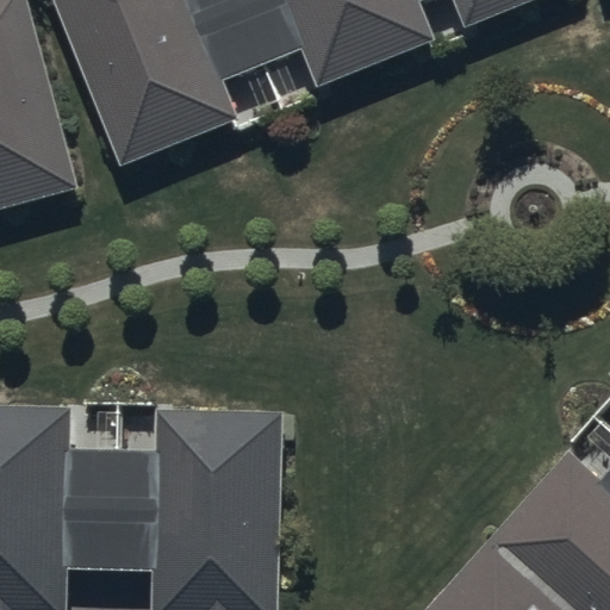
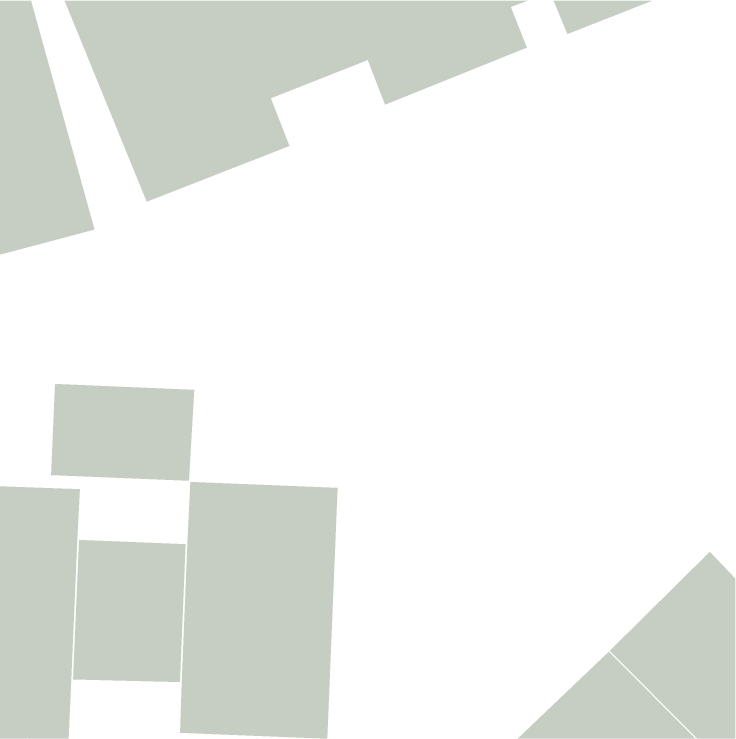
building: none -> [51,383,195,482]

